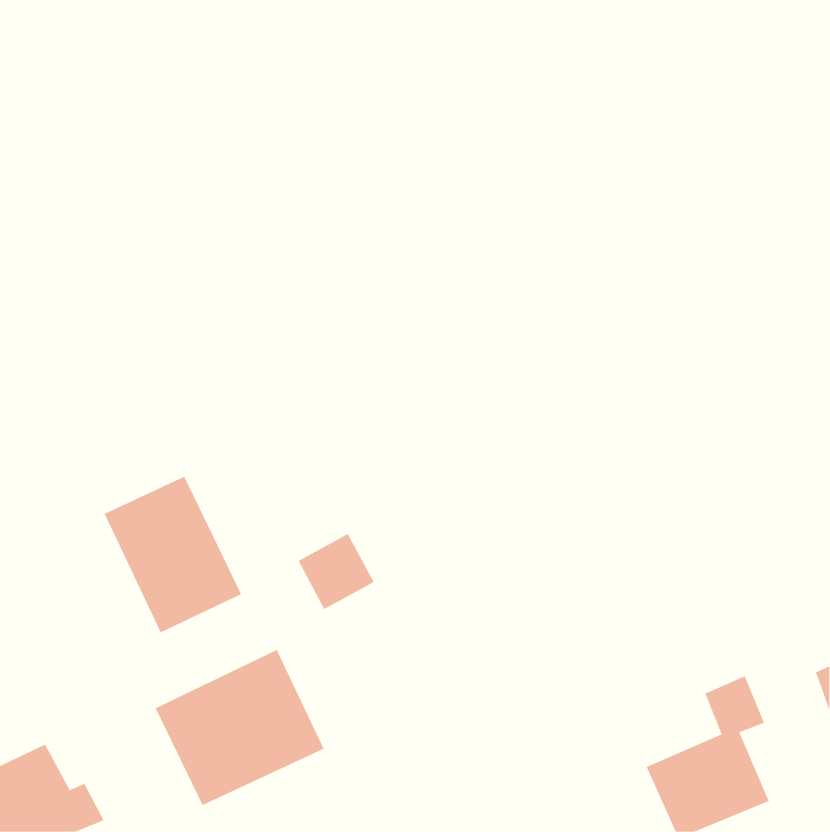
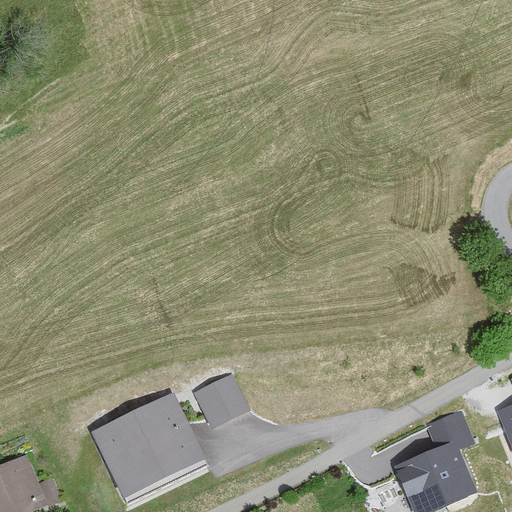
building: [104,476,242,633] -> none
building: [298,533,374,610] -> [197,377,244,424]

